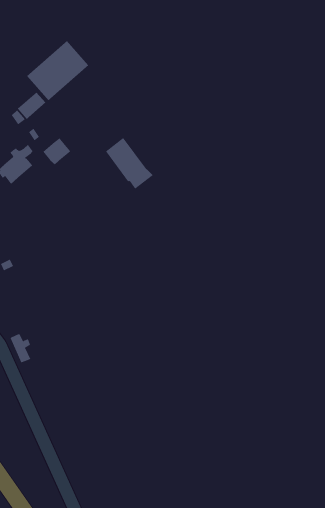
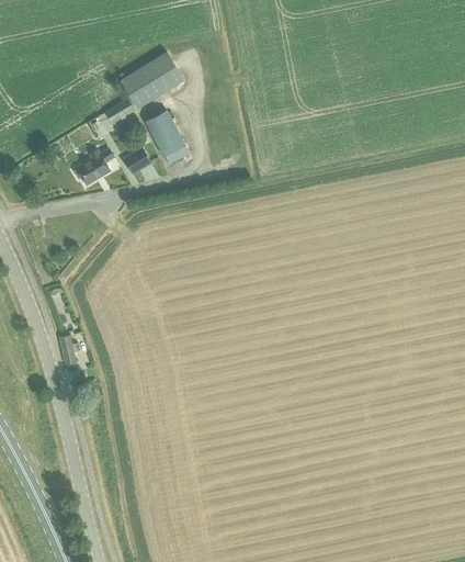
building: [105,137,153,189] -> [146,110,190,164]

